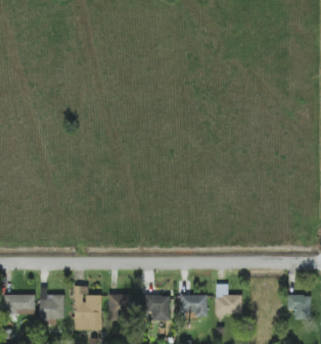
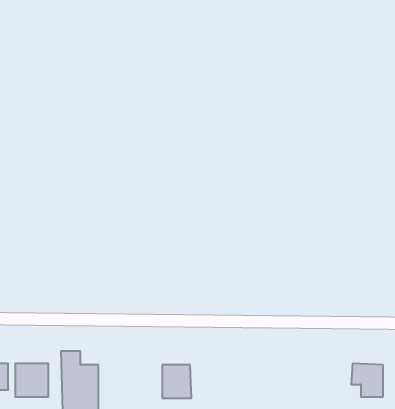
building: [215,283,240,313] -> none
building: [107,294,131,316] -> none
building: [180,294,207,315] -> none

